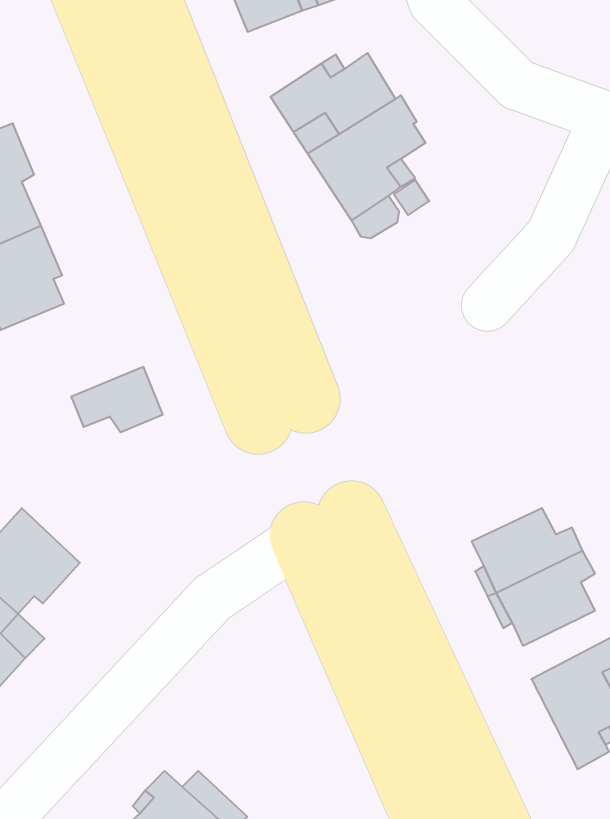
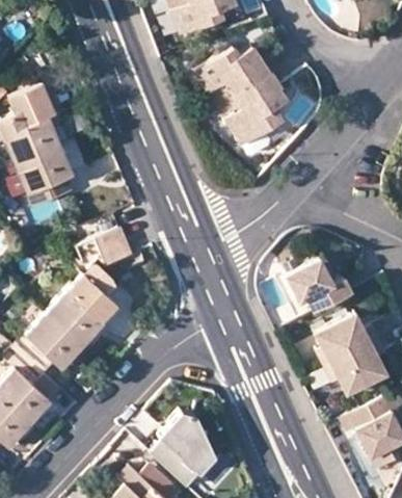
building: none -> [286,259,351,311]
building: none -> [49,262,115,344]
building: none -> [152,411,217,486]

